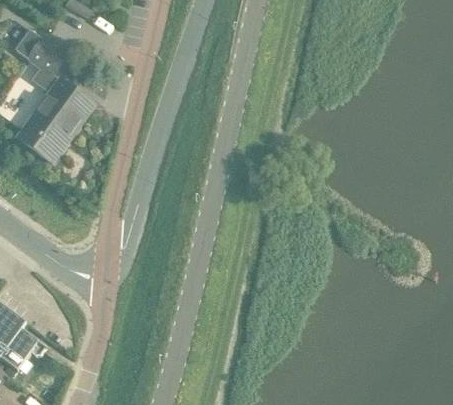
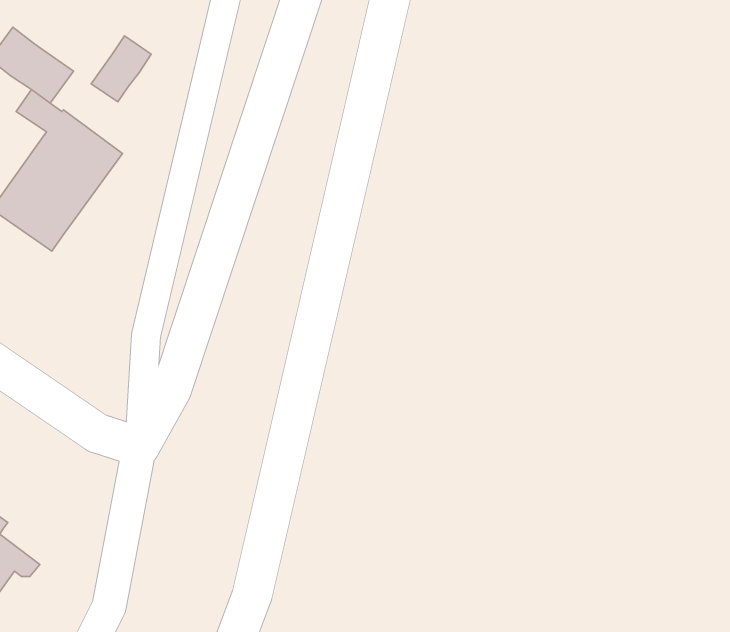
building: none -> [91,36,151,102]

